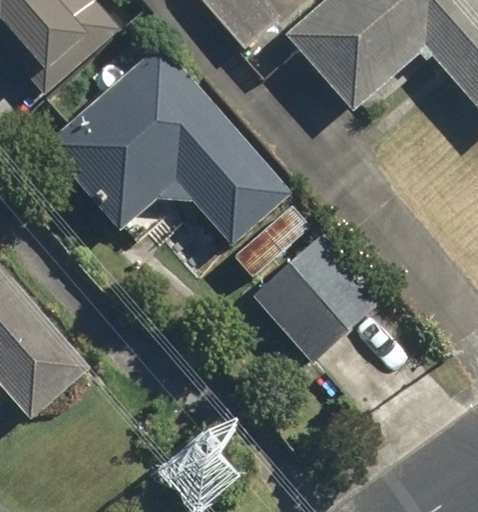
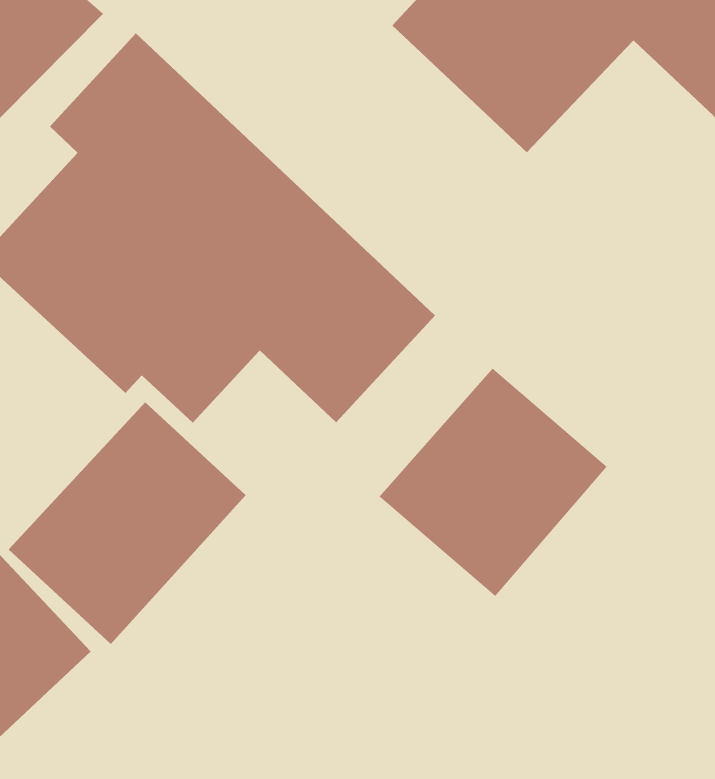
building: none -> [8,402,247,645]

